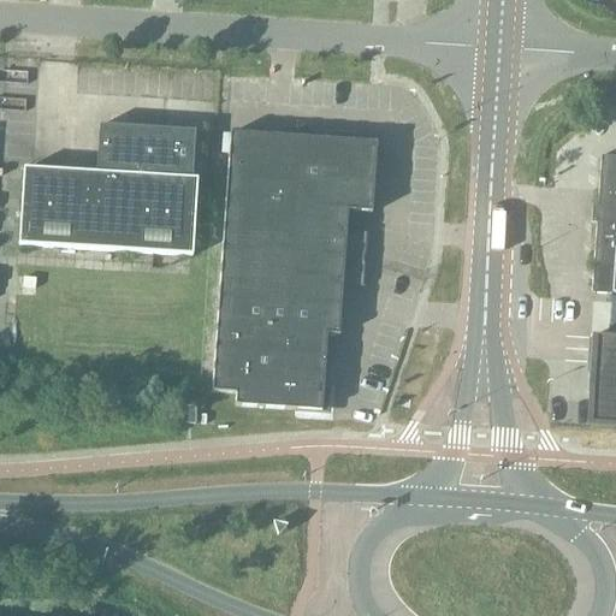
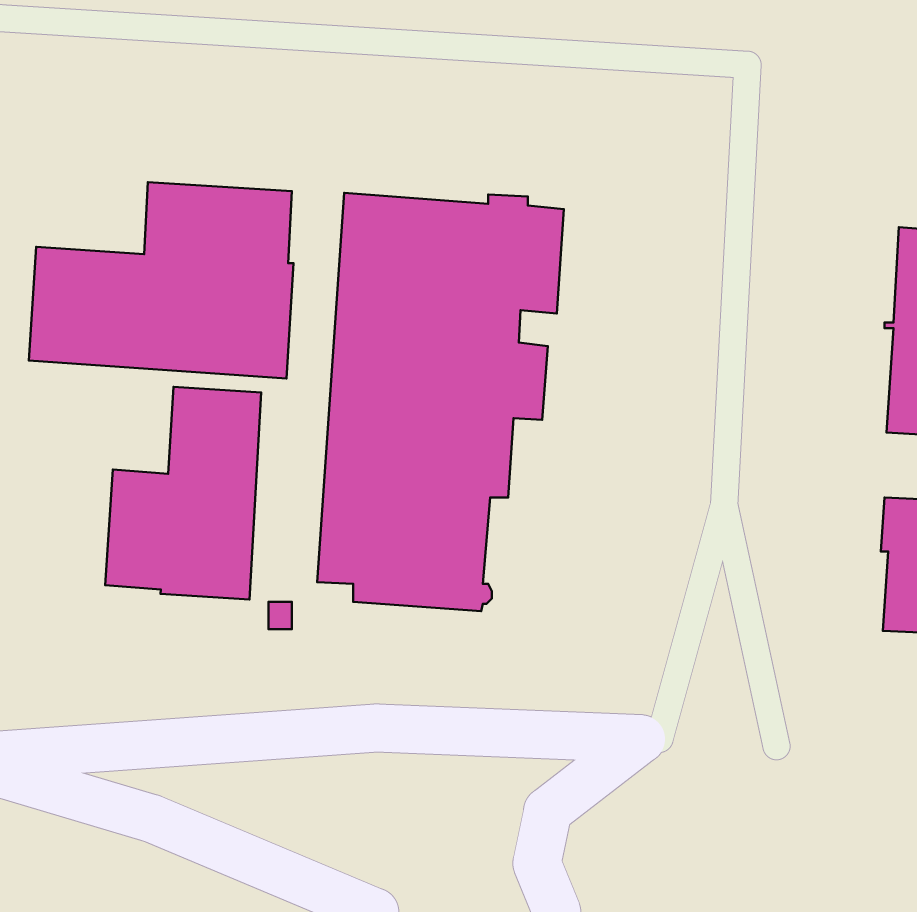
building: none -> [105,387,261,600]

